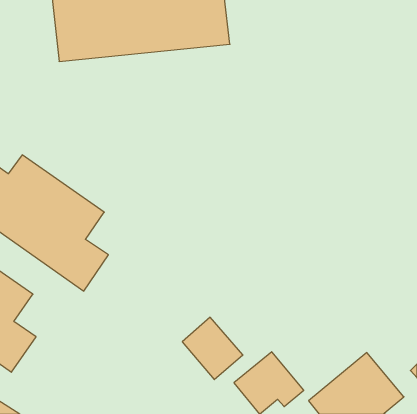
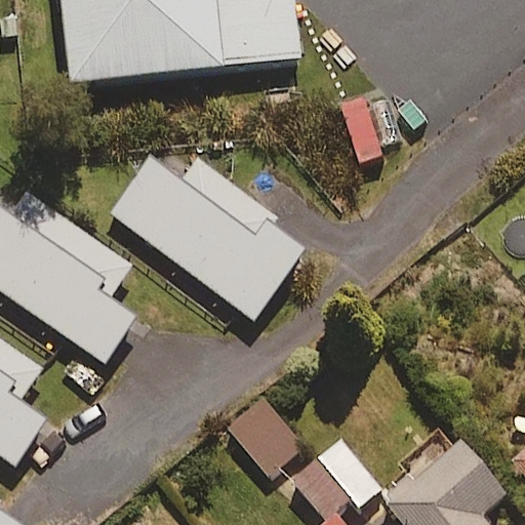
building: none -> [111,160,305,320]

